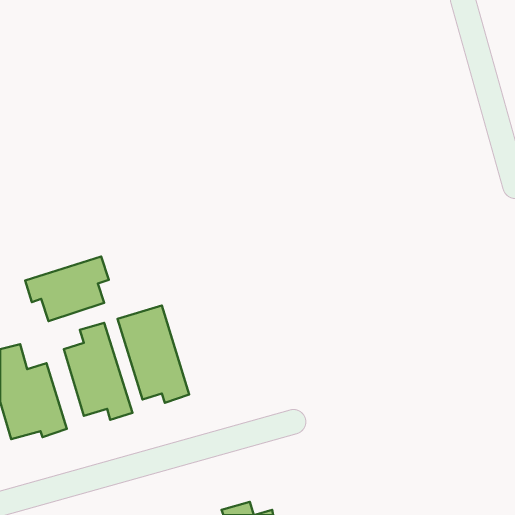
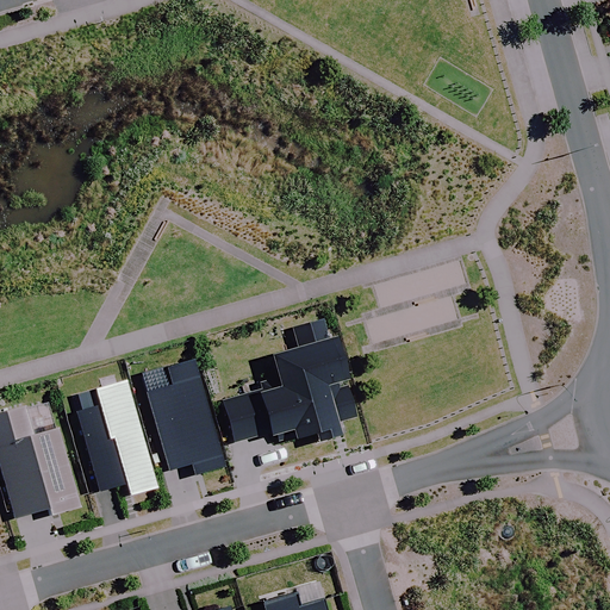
building: [25,257,109,321] -> none
building: none -> [223,318,357,444]

